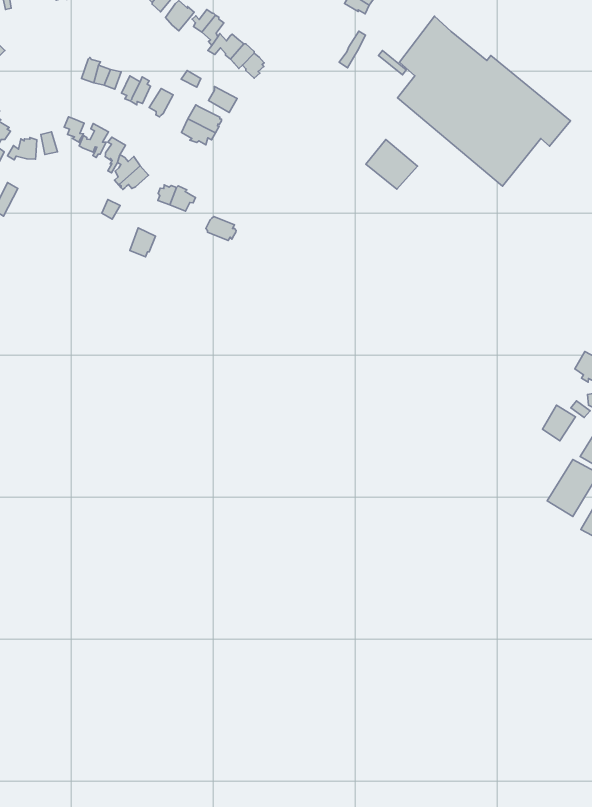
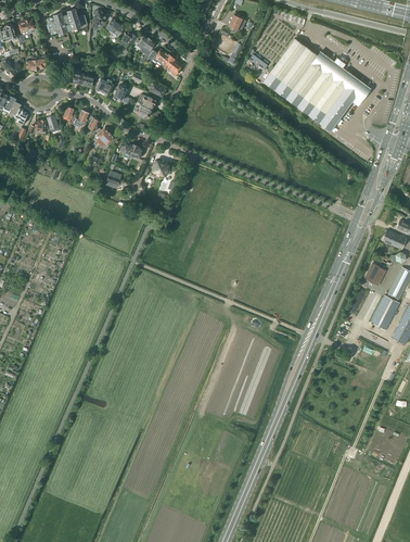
building: [366,140,417,189] -> none

